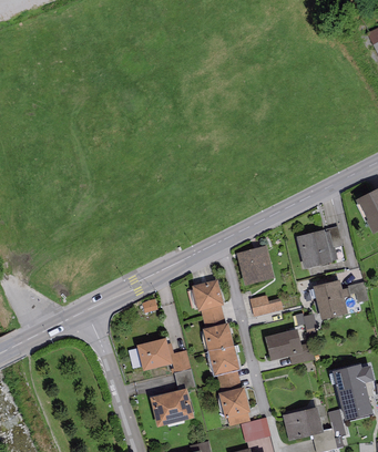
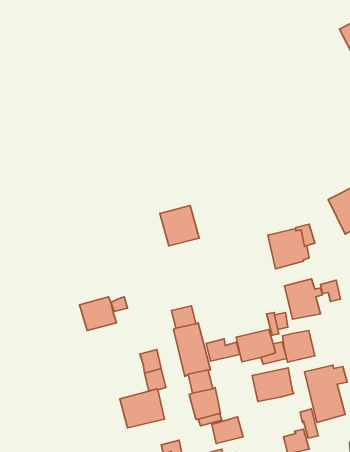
building: [236,245,275,285] -> [160,206,199,246]
building: [192,279,224,311] -> none
building: [249,294,283,316] -> [206,339,240,361]
building: none -> [282,331,315,362]
building: [136,338,173,371] -> [79,297,116,331]
building: [283,407,324,440] -> [252,368,294,401]

